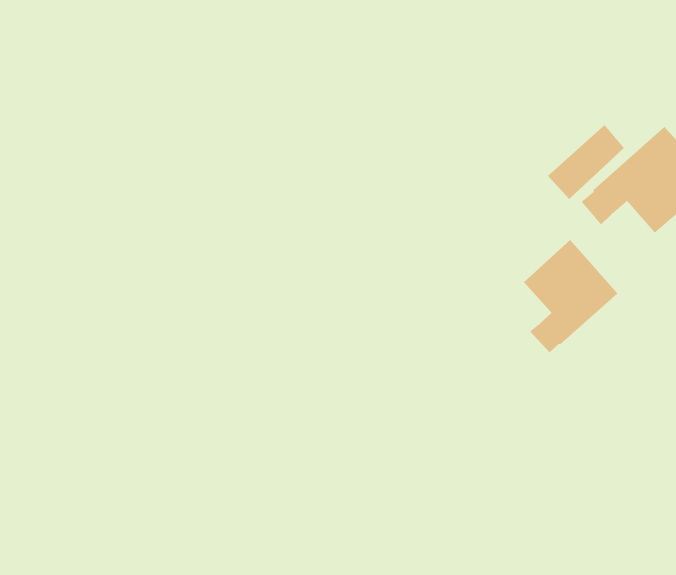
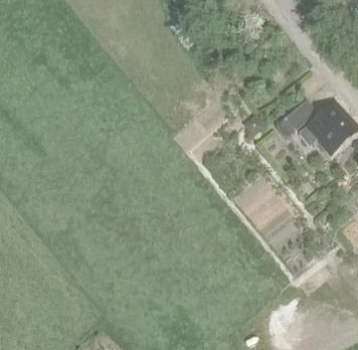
building: [523,239,618,353] -> none

